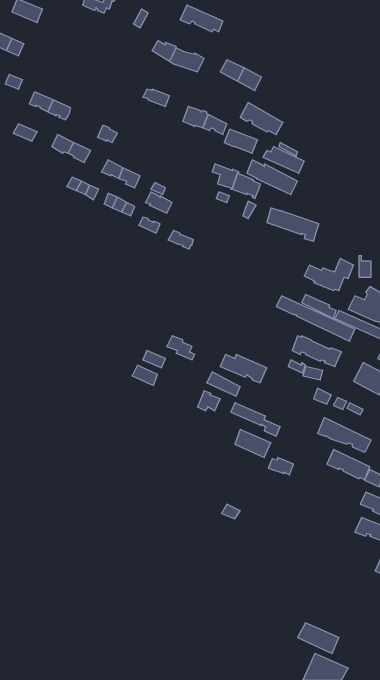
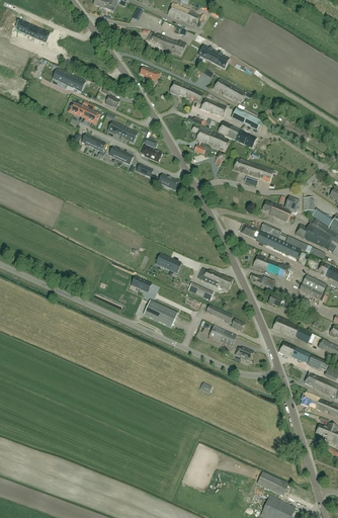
building: none -> [143,300,177,328]

